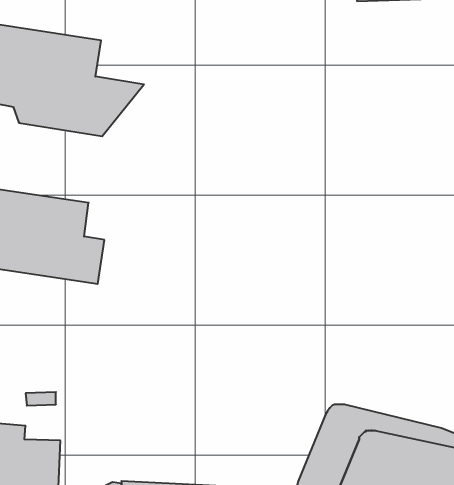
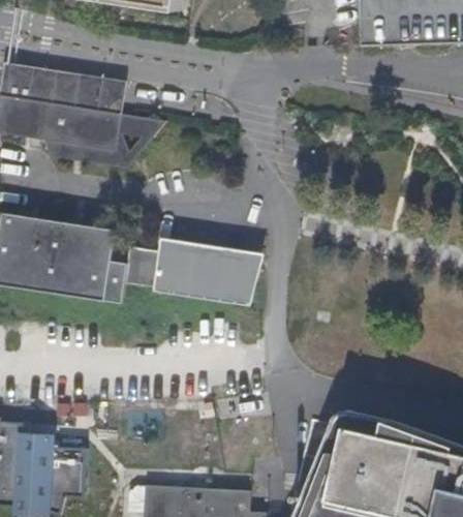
building: none -> [135,249,256,302]

